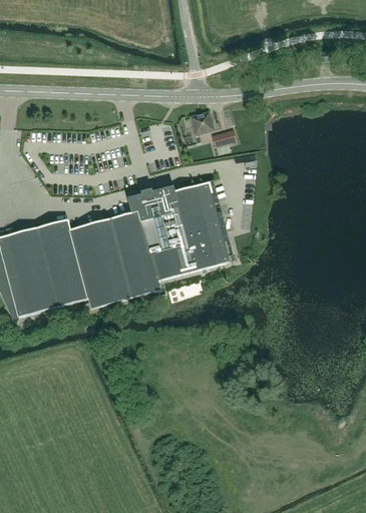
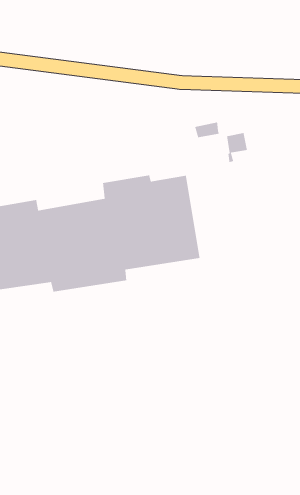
building: [190,112,212,143] -> [226,132,248,163]

